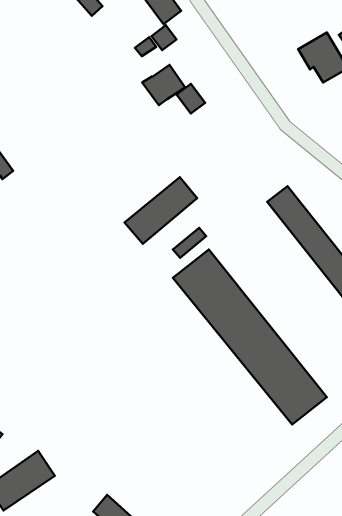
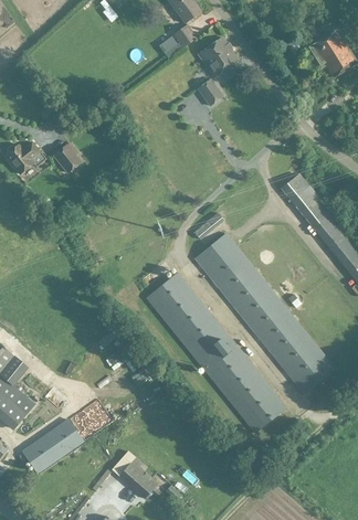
building: [142,65,185,105] -> [198,38,238,75]
building: none -> [52,144,82,173]
building: [124,177,197,244] -> none
building: none -> [146,272,287,433]

